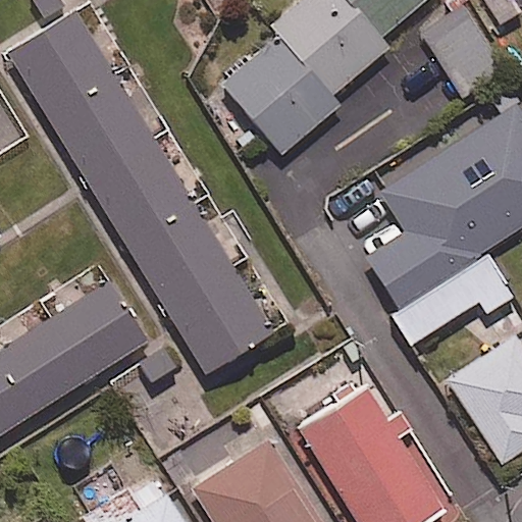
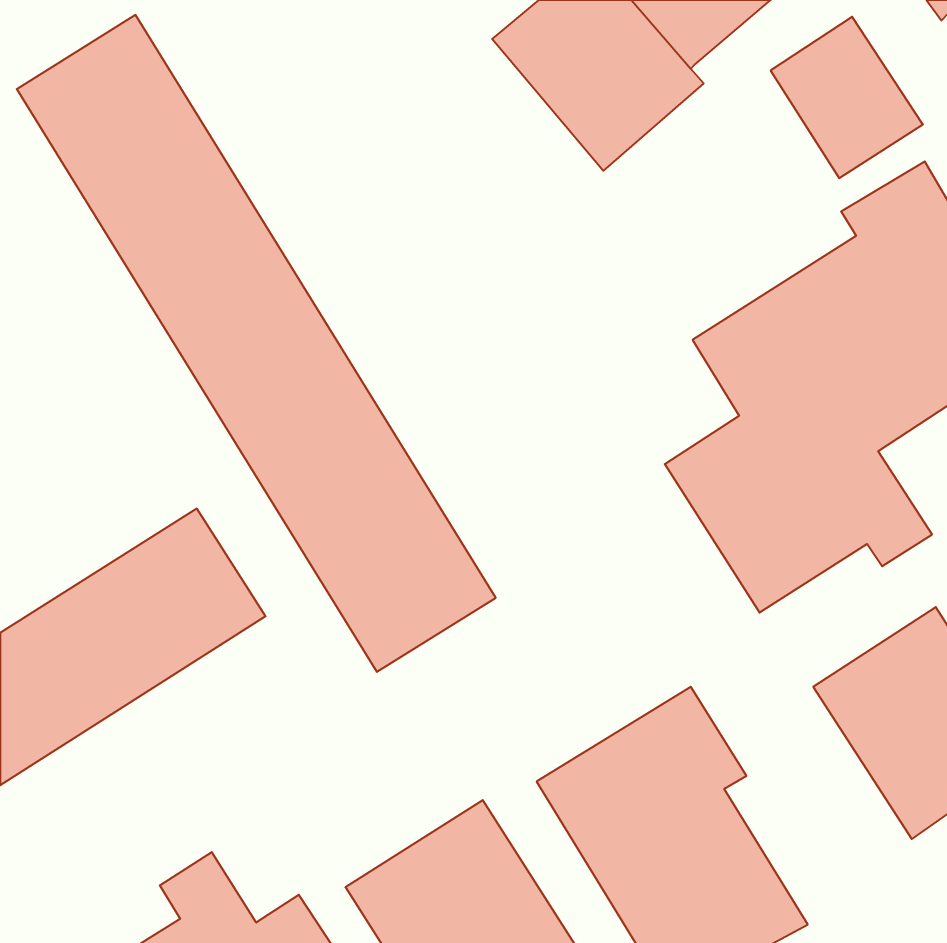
building: [212,24,340,155] -> none

